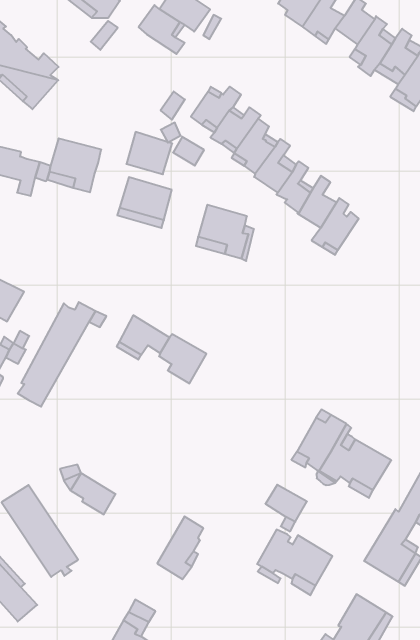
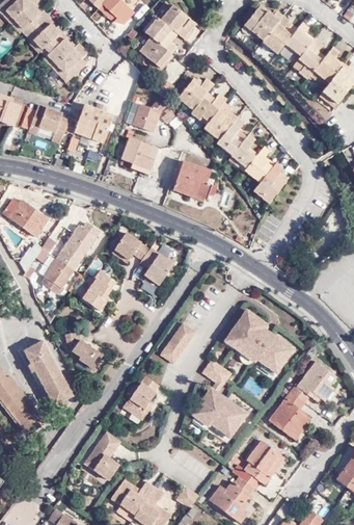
building: none -> [139,35,171,65]
building: none -> [82,268,111,309]
building: none -> [163,321,198,362]

